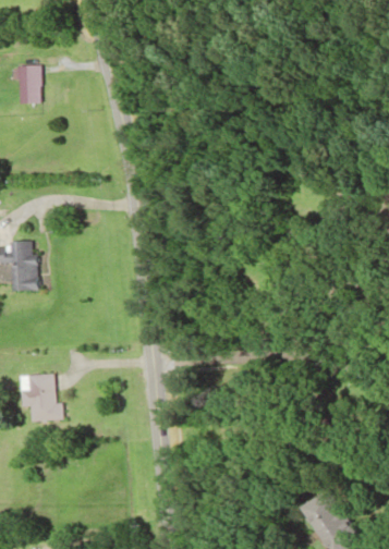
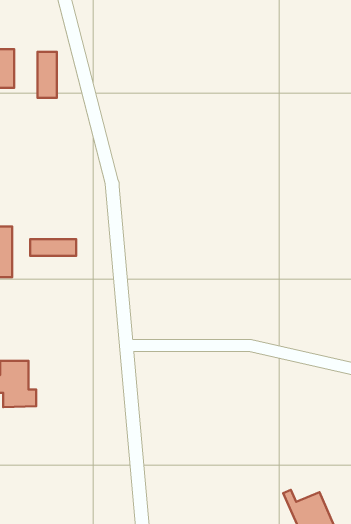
building: none -> [37,52,57,98]
building: none -> [30,239,76,256]

